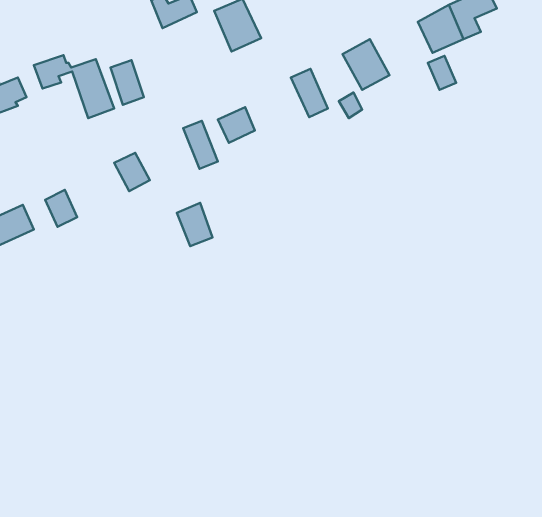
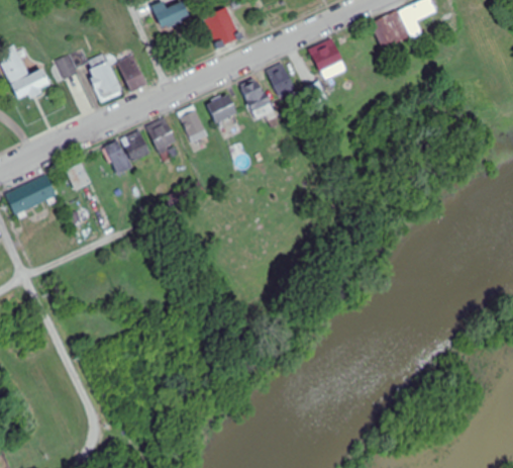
building: [428,56,456,90] -> none
building: none -> [240,79,275,122]
building: none -> [104,141,132,174]
building: [177,203,213,246] -> [147,118,177,154]

